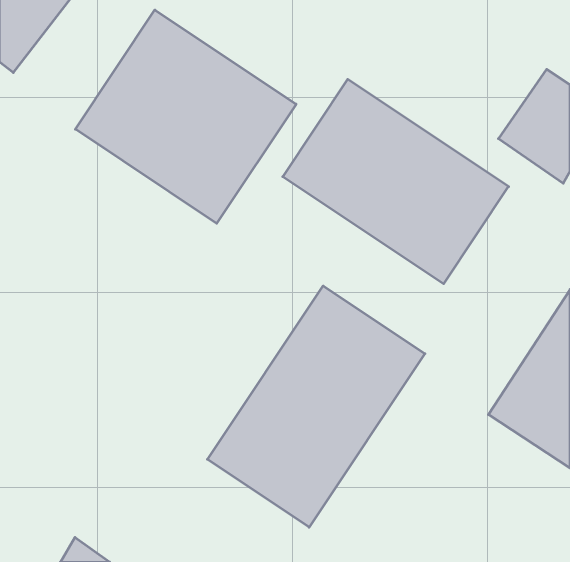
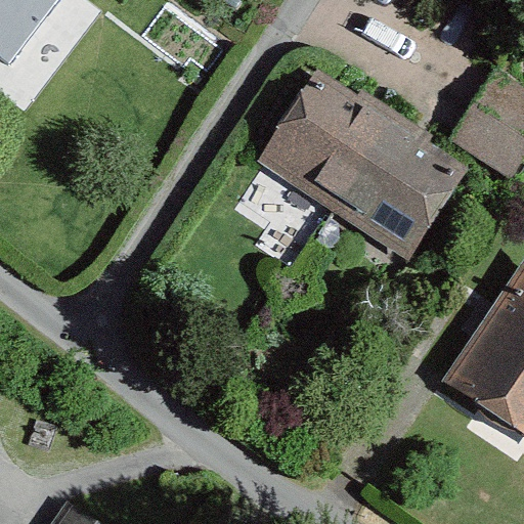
building: [75,10,296,223] -> none
building: [207,286,425,527] -> none

